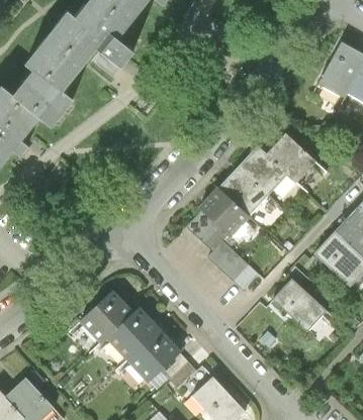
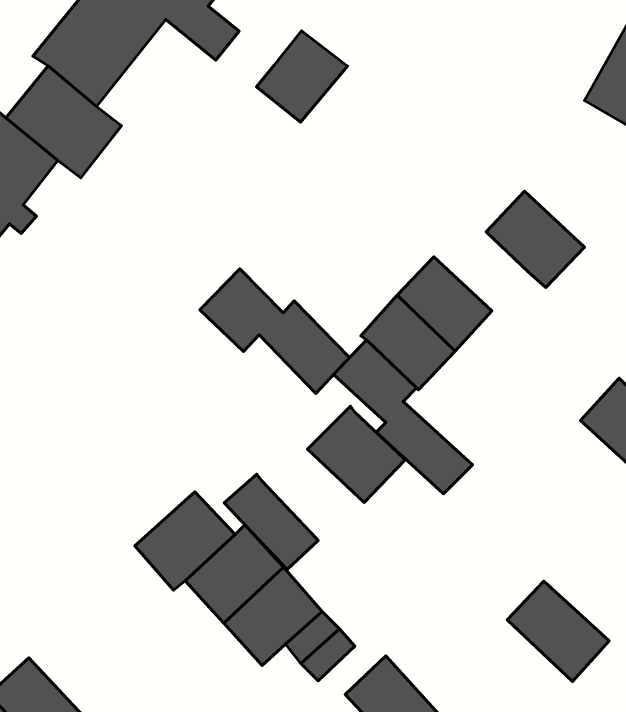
building: none -> [257,31,347,122]
building: [238,145,287,195] -> none
building: none -> [200,269,349,393]
building: none -> [307,406,405,502]
building: [273,279,327,331] -> [507,581,609,681]
building: none -> [224,474,318,569]

